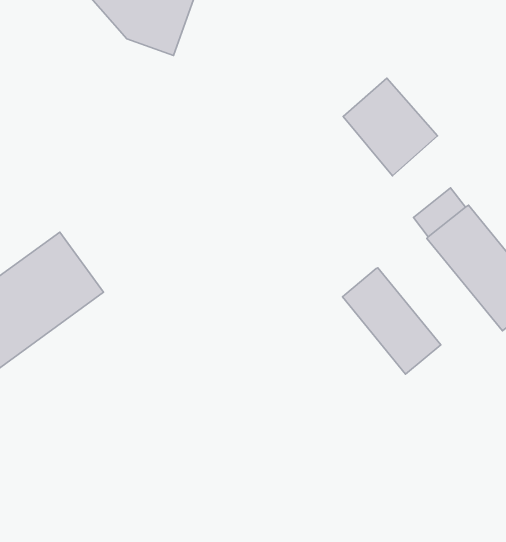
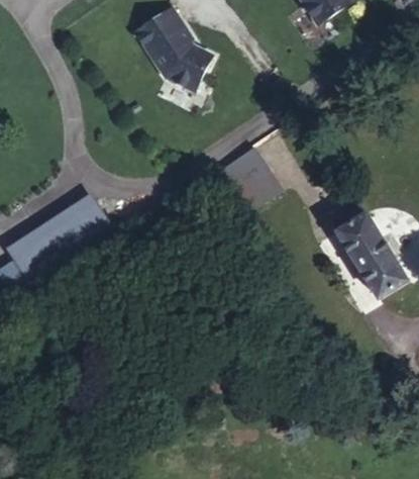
building: [343,78,438,176] -> [220,149,281,213]
building: [343,268,441,374] -> none

